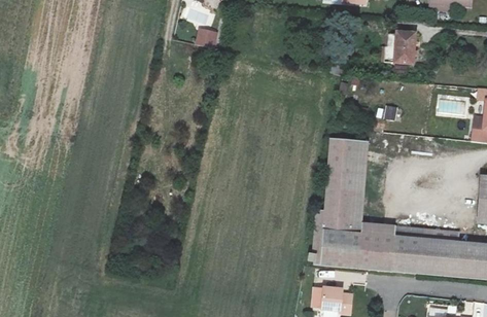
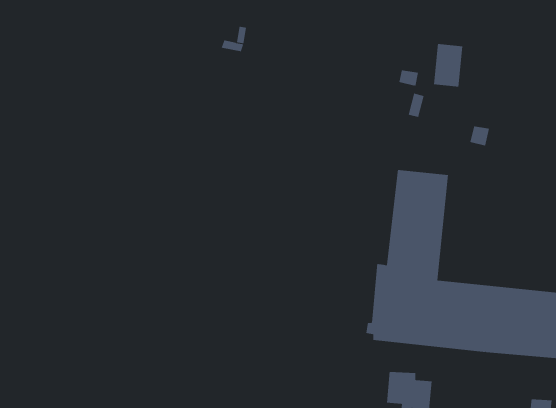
building: [395,30,418,63] -> [433,43,463,87]

